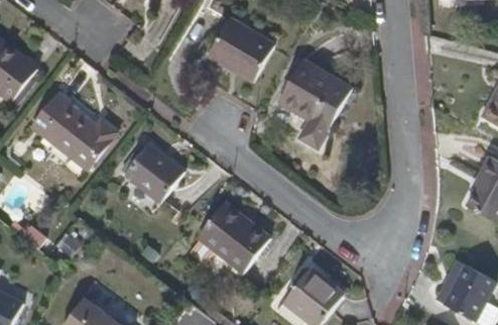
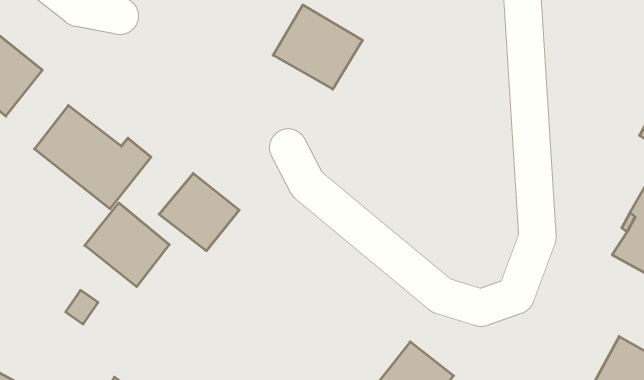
building: [279,59,351,147] -> none
building: none -> [85,203,169,287]
building: [198,202,270,272] -> none

